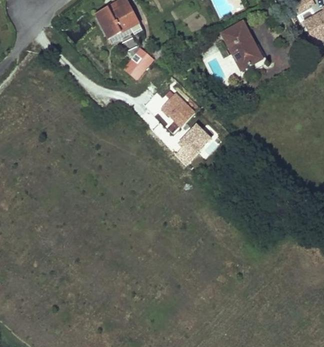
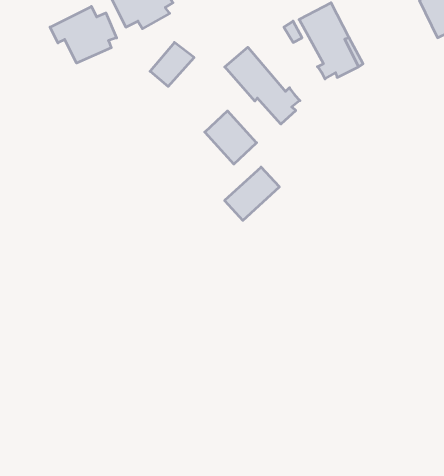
building: none -> [50,6,117,63]
building: none -> [225,47,300,124]

